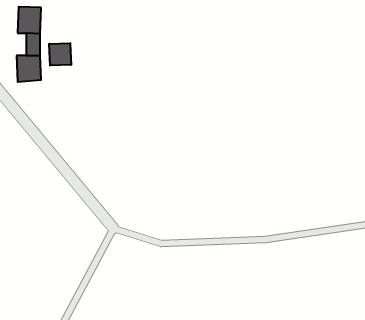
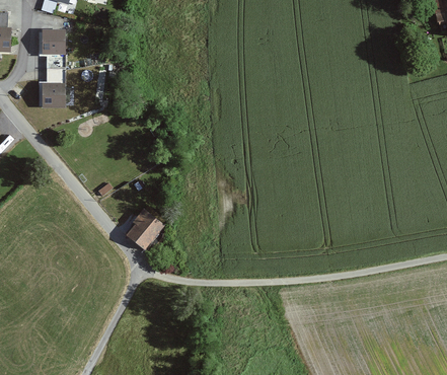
building: [49,43,71,66] -> none
building: none -> [126,210,164,248]

